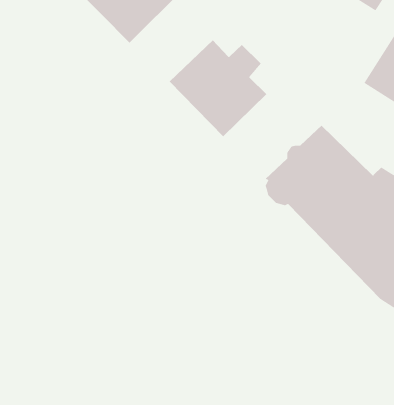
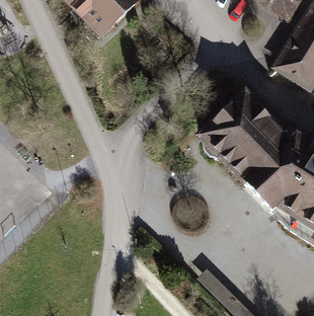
building: [169,40,267,137] -> none

